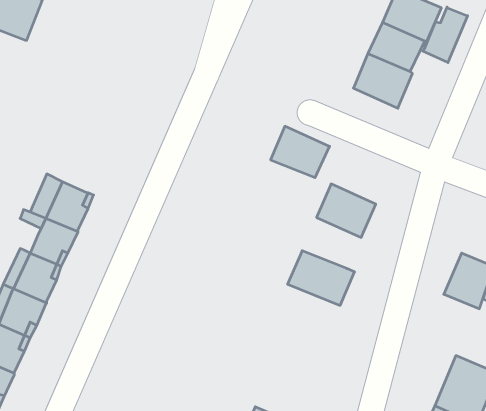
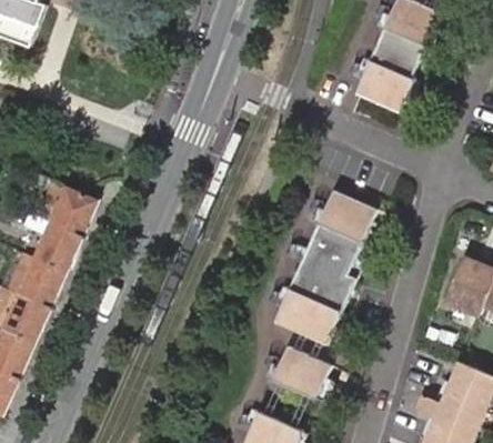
building: [423,7,468,63] -> none
building: [271,126,330,178] -> [303,223,362,274]
building: none -> [274,290,341,345]
building: none -> [271,346,331,400]

